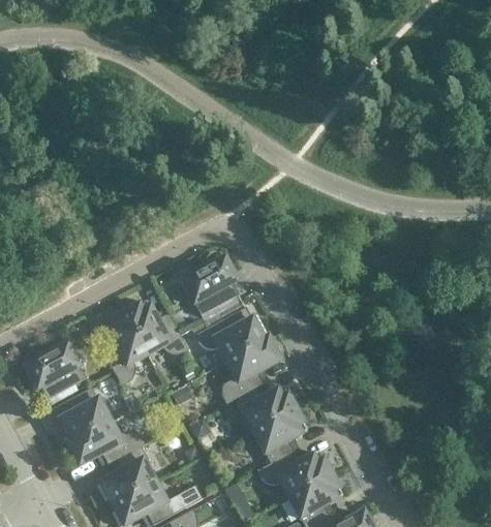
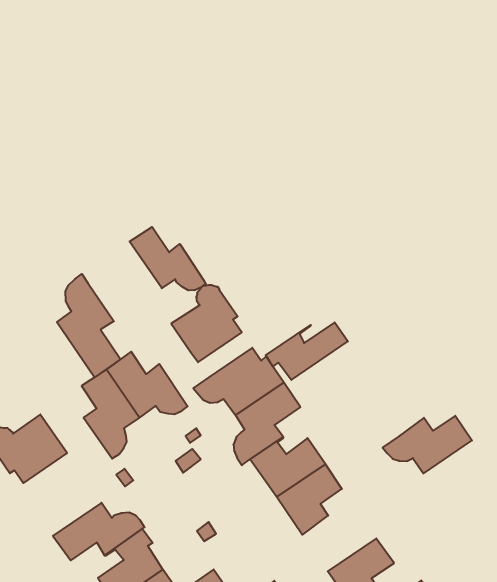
building: none -> [130,227,206,290]
building: none -> [57,274,121,377]
building: none -> [266,322,348,380]
building: [55,388,111,444] -> none
building: [258,452,332,497] -> [383,416,472,473]

